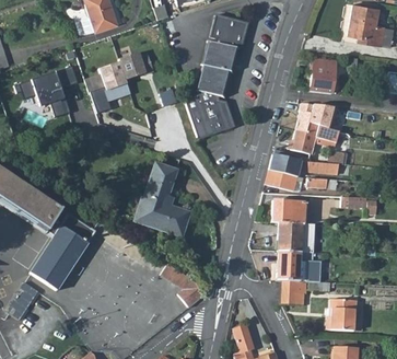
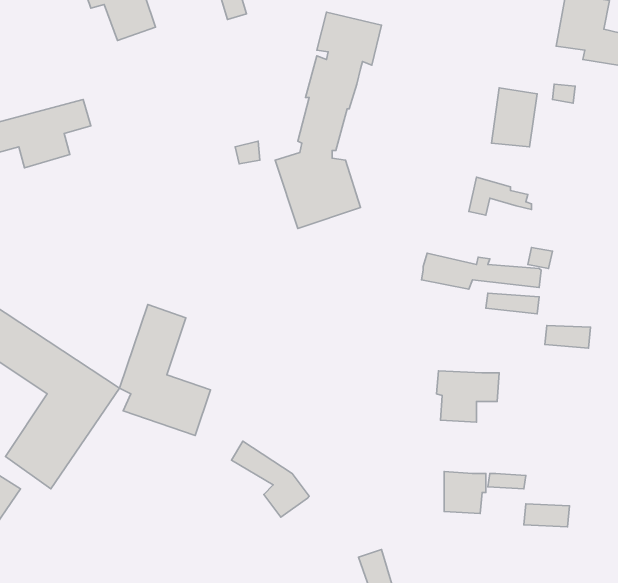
building: [92,50,155,111] -> none
building: [287,123,338,154] -> none
building: [138,162,190,238] -> [119,304,211,436]
building: [265,170,302,190] -> none
building: [271,200,308,223] -> none
building: [277,251,313,281] -> none
building: [325,311,353,331] -> none

